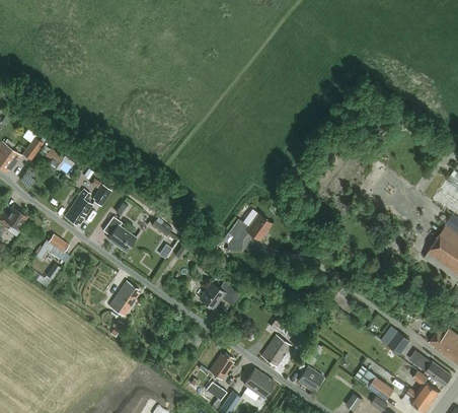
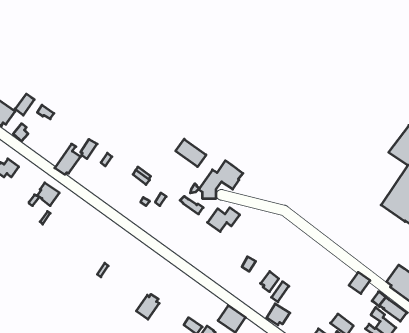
building: none -> [176,139,206,167]
building: [103,216,137,252] -> none
building: [109,280,140,316] -> none
building: [200,281,235,307] -> [207,208,240,232]
building: [262,336,291,363] -> none
building: [209,352,234,380] -> [136,294,159,319]

